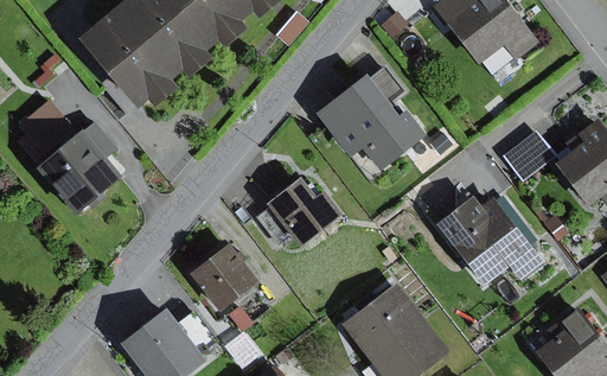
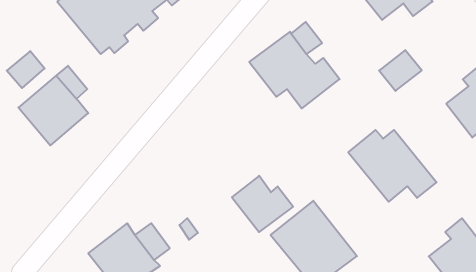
building: [504,128,556,178] -> [379,50,422,91]
building: [267,177,341,246] -> [232,176,293,232]
building: [190,244,256,311] -> none

